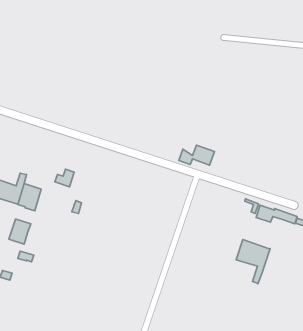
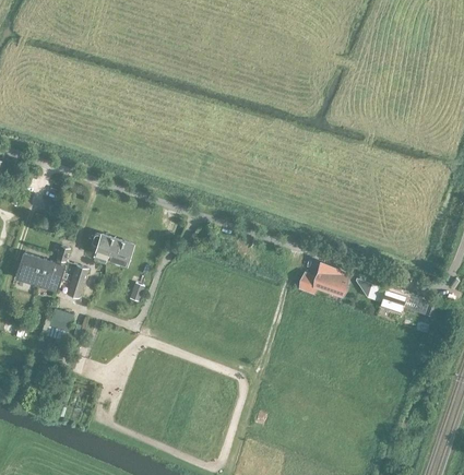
building: [179,145,214,165] -> [299,268,347,295]
building: none -> [92,235,121,259]
building: [236,239,270,284] -> none

